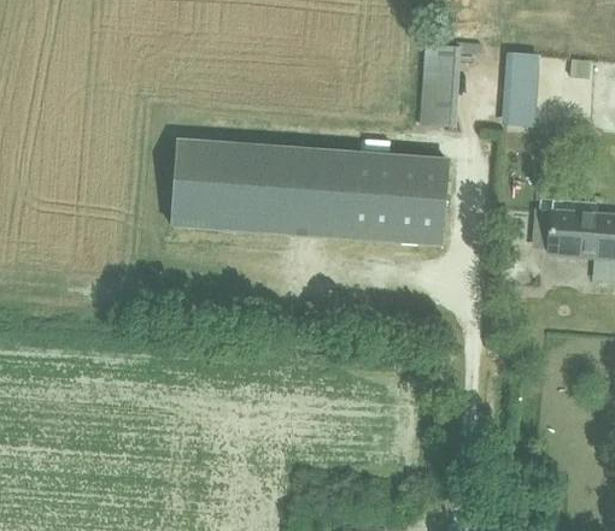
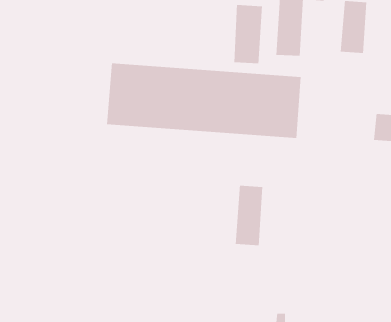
building: none -> [234,4,262,64]
building: none -> [235,185,263,246]

